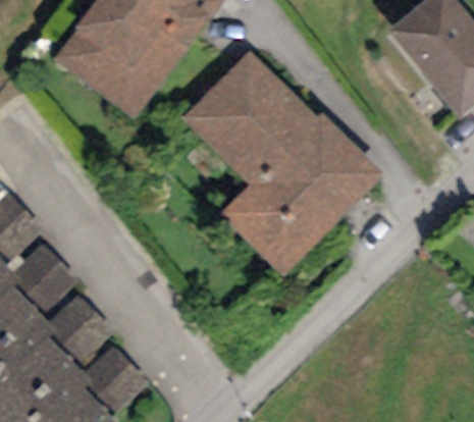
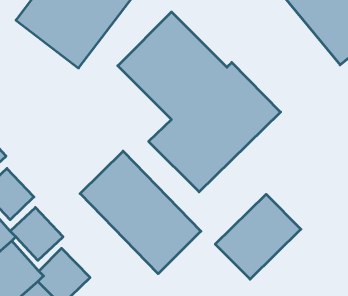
building: none -> [80,151,201,274]
building: none -> [215,194,301,279]

